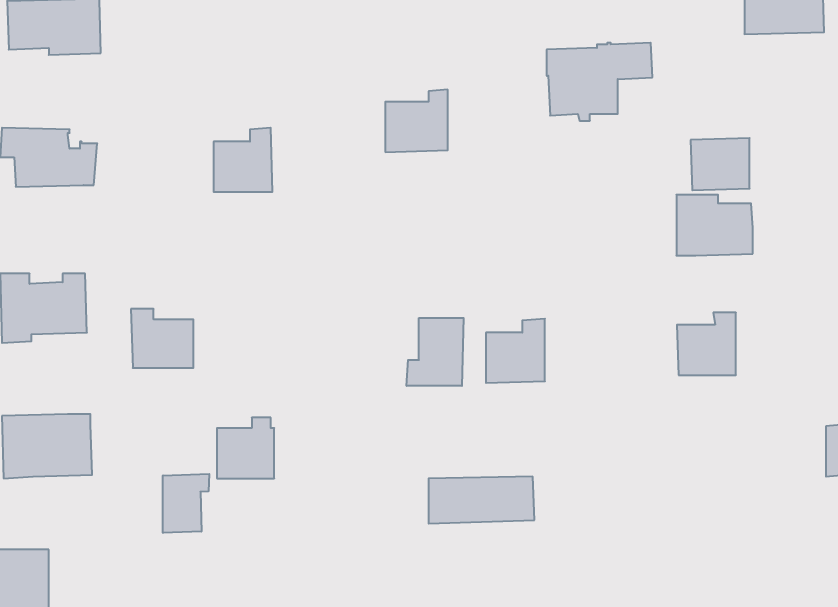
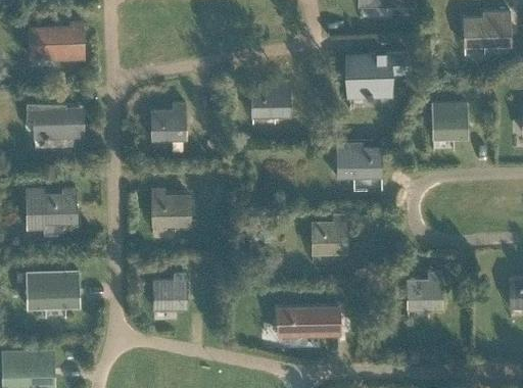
building: [676,195,753,256] -> [337,144,382,180]
building: [131,309,193,368] -> [152,191,189,226]
building: [677,313,736,375] -> [407,274,441,310]
building: [407,318,464,386] -> none
building: [163,474,209,533] -> none

